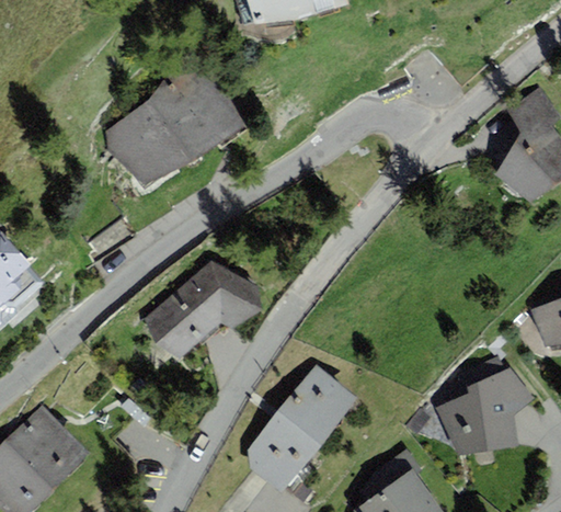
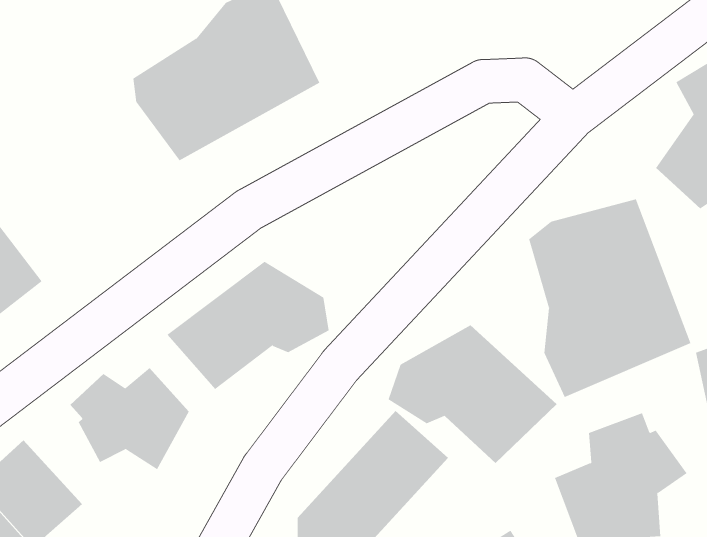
building: none -> [528,199,691,398]
building: none -> [388,324,558,464]
building: none -> [69,367,190,470]

